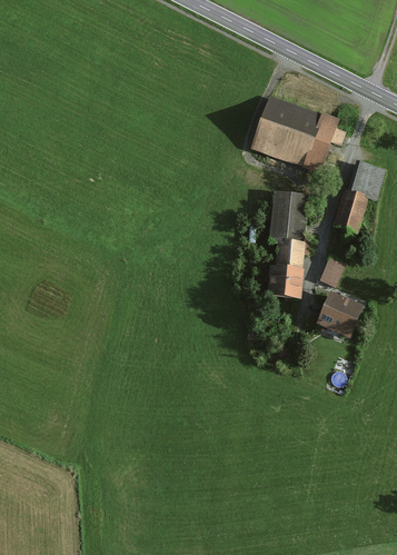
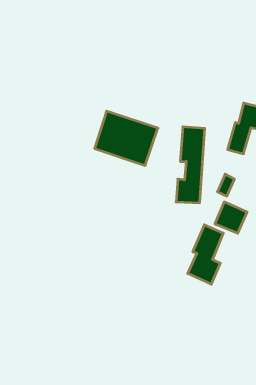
building: [254,97,337,168] -> [95,111,158,165]
building: none -> [188,225,223,284]

